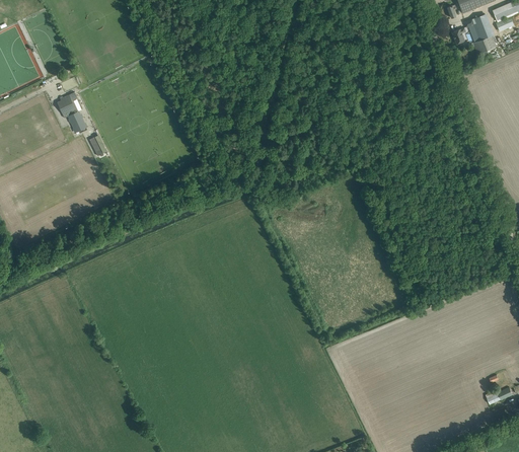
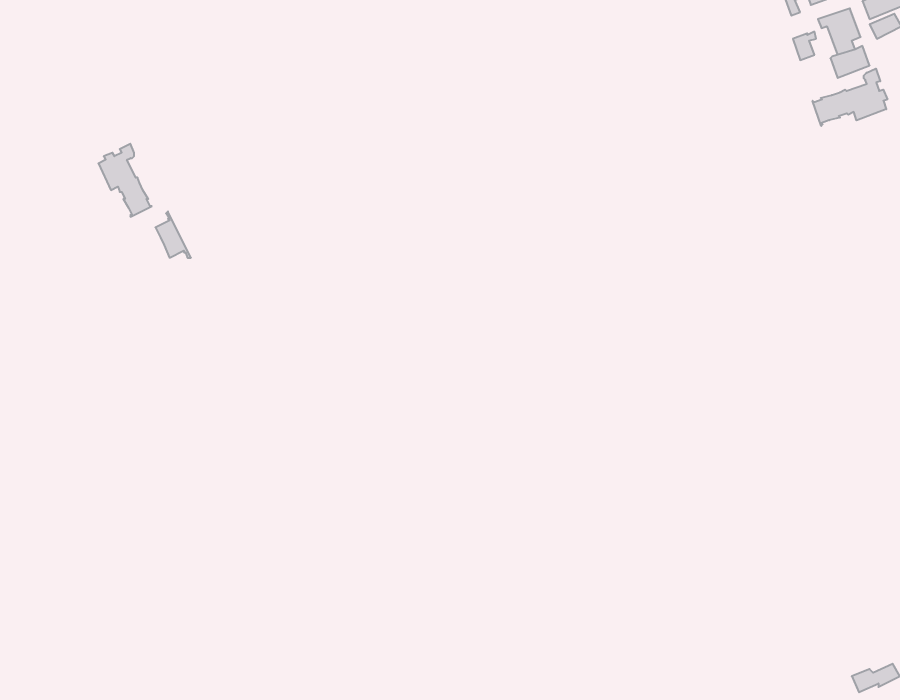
building: none -> [813,69,887,126]

